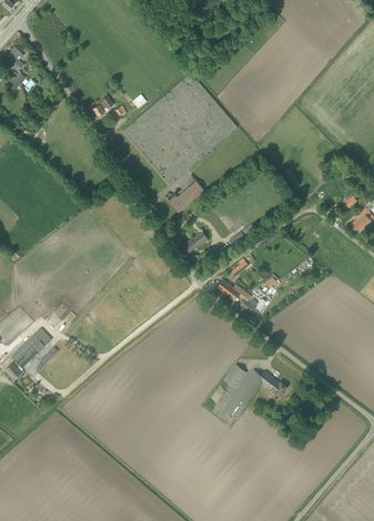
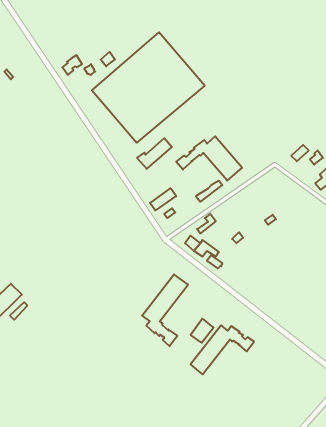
building: none -> [176,136,242,181]
building: none -> [142,274,188,346]

